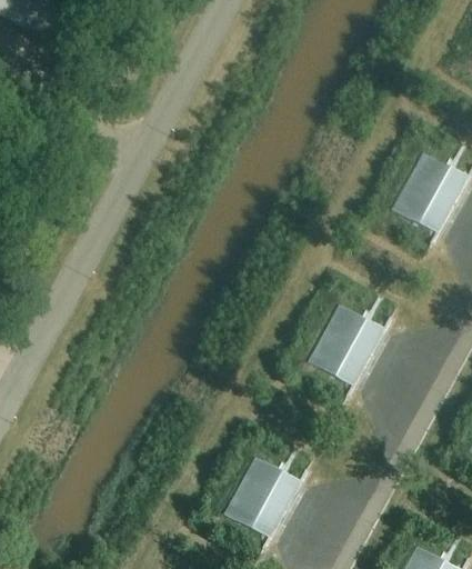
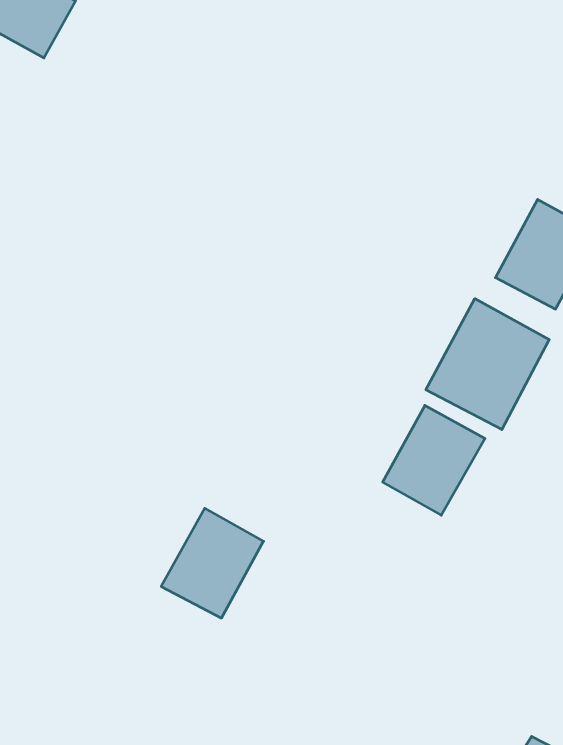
building: none -> [426,299,549,430]
building: [224,457,300,538] -> [161,508,264,618]

